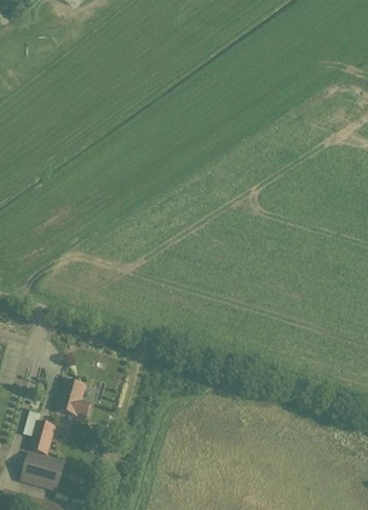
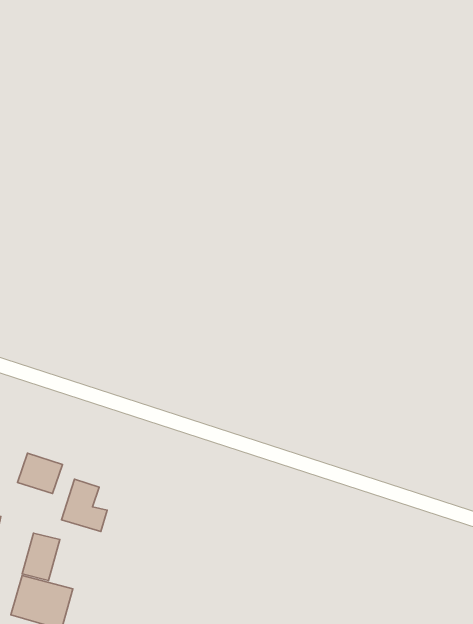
building: none -> [18,453,63,494]

